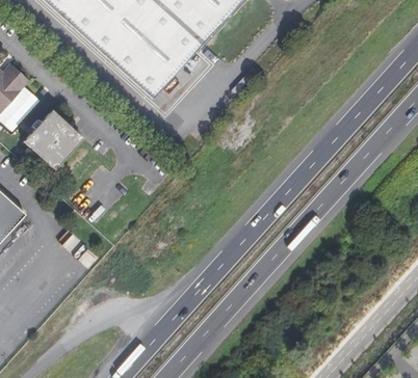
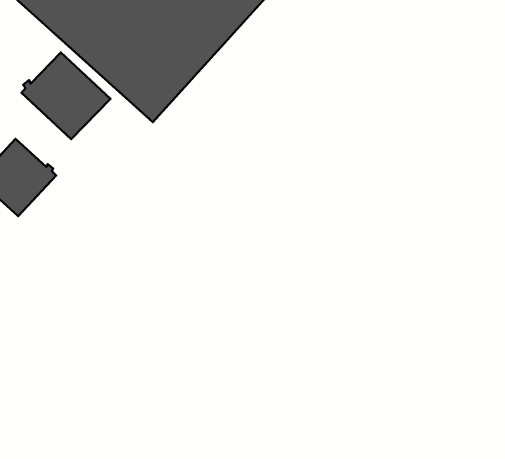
building: none -> [21,52,111,139]

